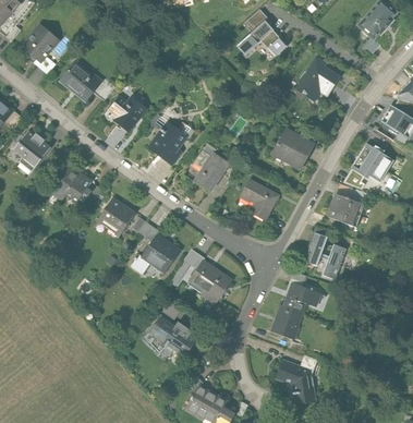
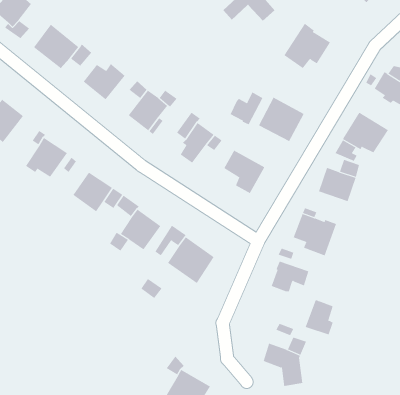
building: none -> [230,91,263,125]
building: [271,305,299,339] -> [305,299,334,335]
building: [149,315,197,358] -> none

